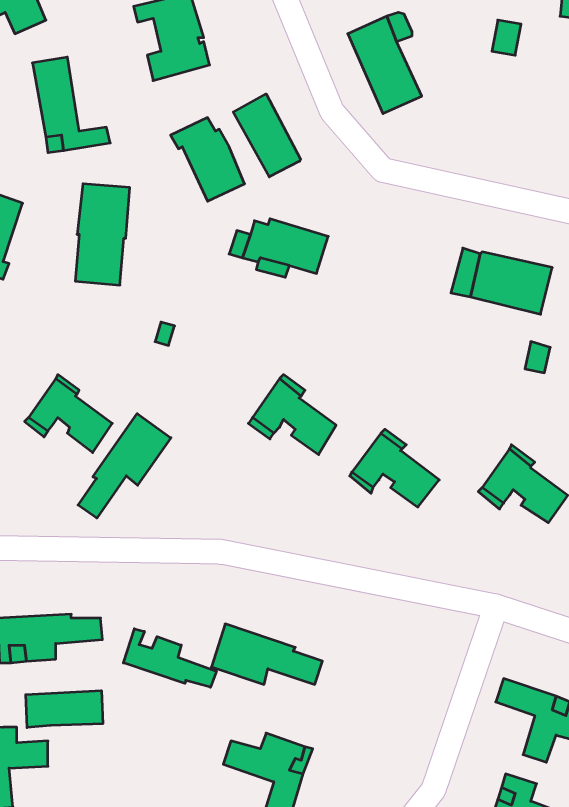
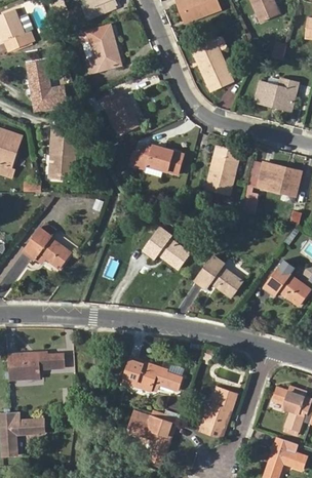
building: [233,94,301,177] -> none
building: none -> [255,79,299,108]
building: none -> [206,145,239,194]
building: [78,414,171,518] -> none
building: [123,629,216,687] -> none
building: none -> [203,393,231,439]
building: [26,691,103,728] -> none

